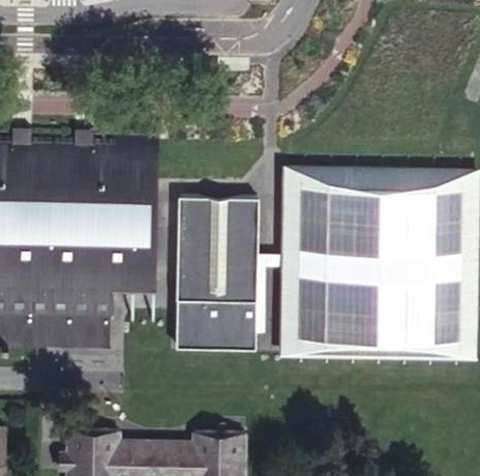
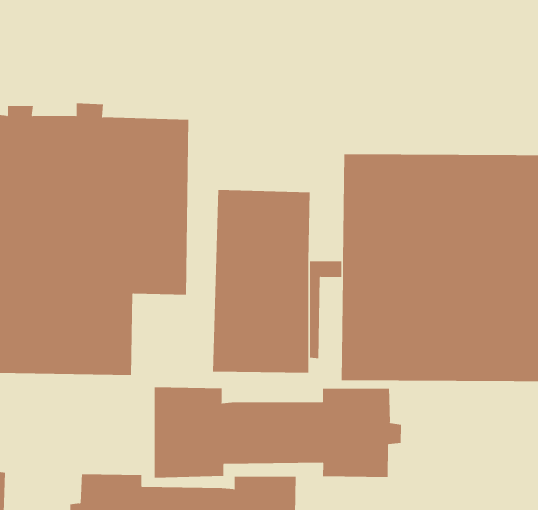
building: none -> [154,387,401,478]

